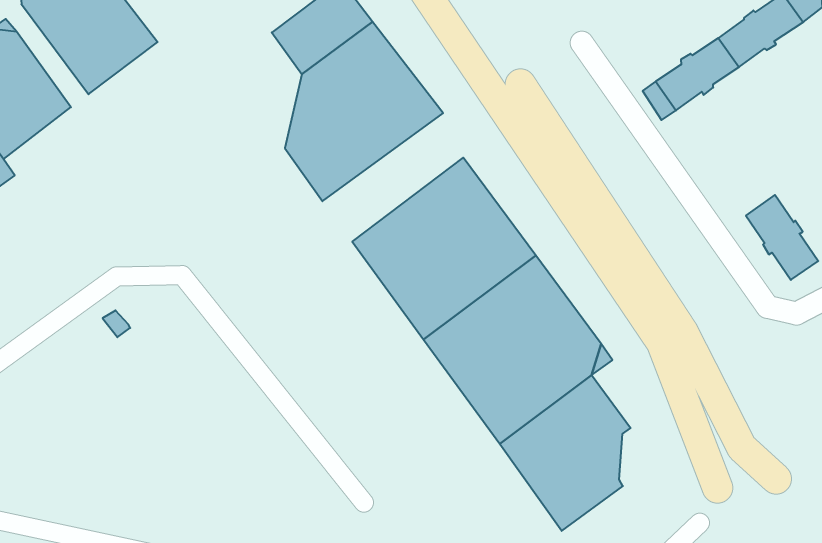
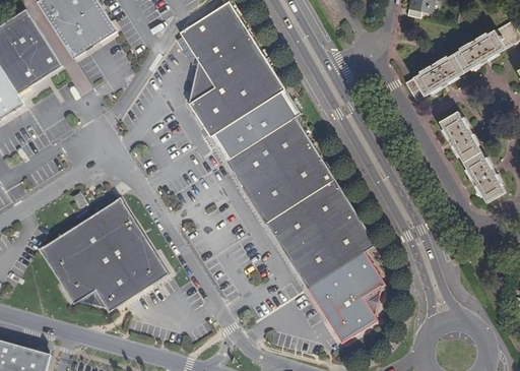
building: none -> [208,87,300,161]
building: none -> [439,111,480,162]
building: none -> [39,197,168,310]

